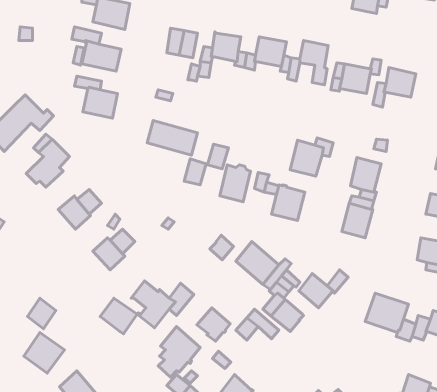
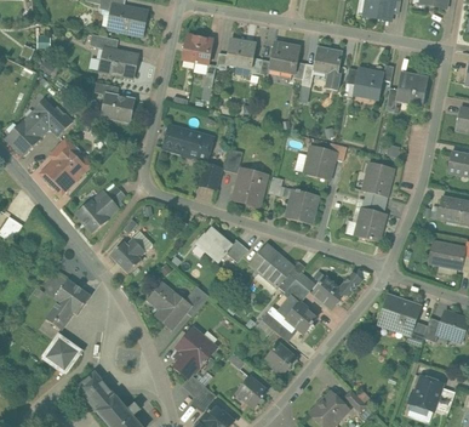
building: none -> [195,227,230,262]
building: [100,298,137,334] -> [53,279,90,314]
building: [197,308,230,341] -> [263,342,296,375]

